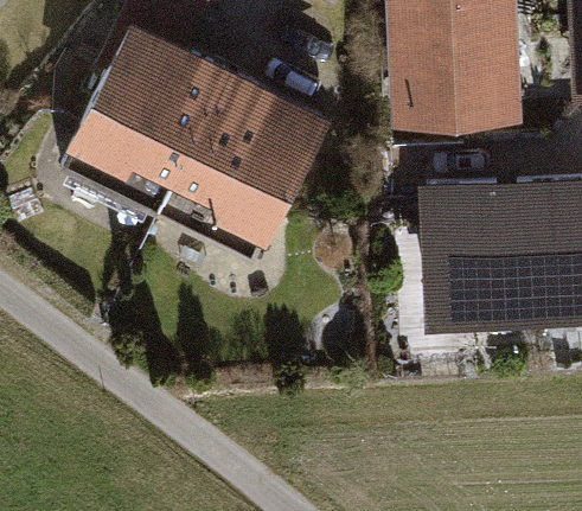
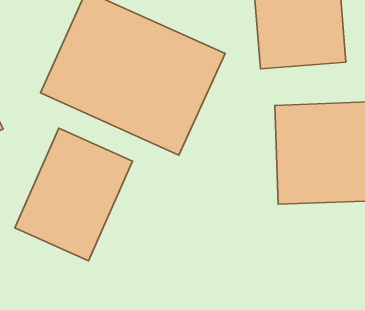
building: none -> [15,128,132,261]

